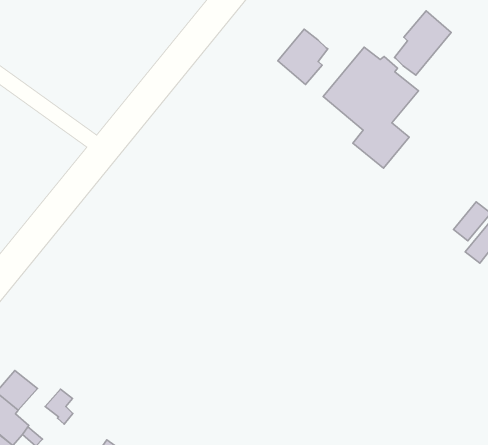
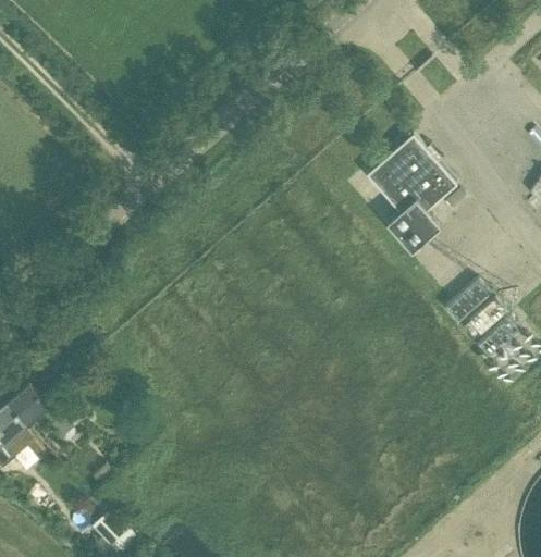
building: [394,11,451,75] -> none
building: [278,29,328,85] -> none
building: none -> [445,280,491,323]

